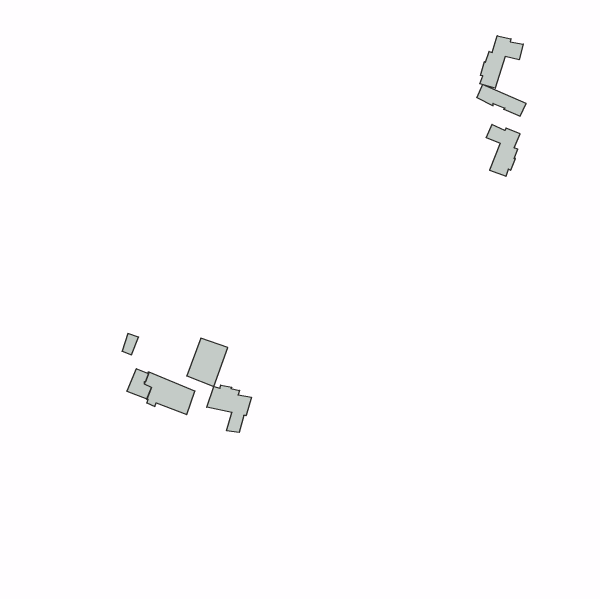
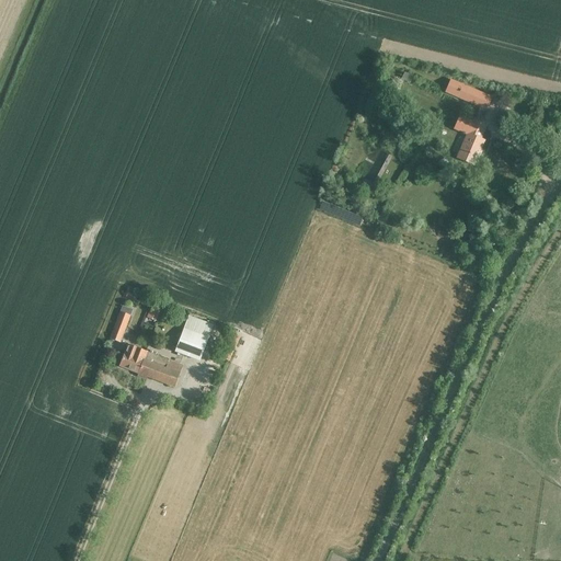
building: [480,36,523,88] -> none
building: [207,385,251,432] -> none

